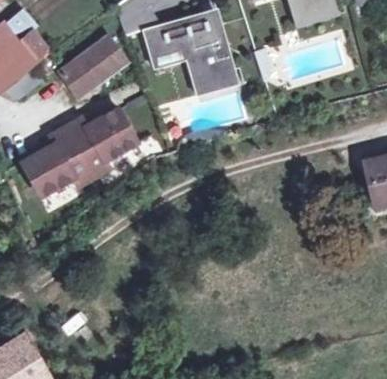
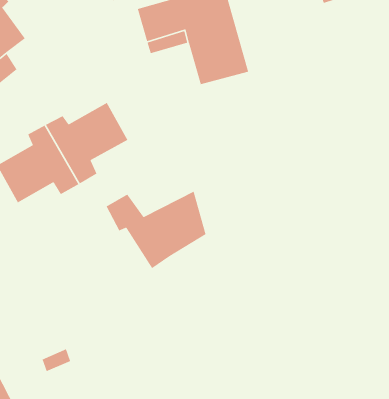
building: [58,35,124,96] -> none
building: none -> [105,190,207,269]

